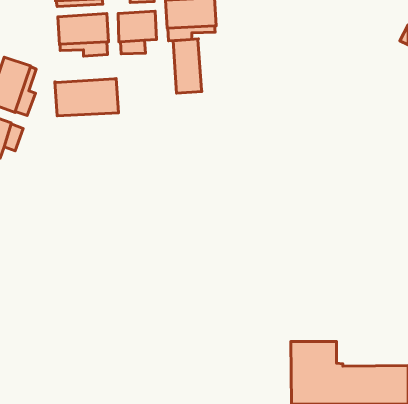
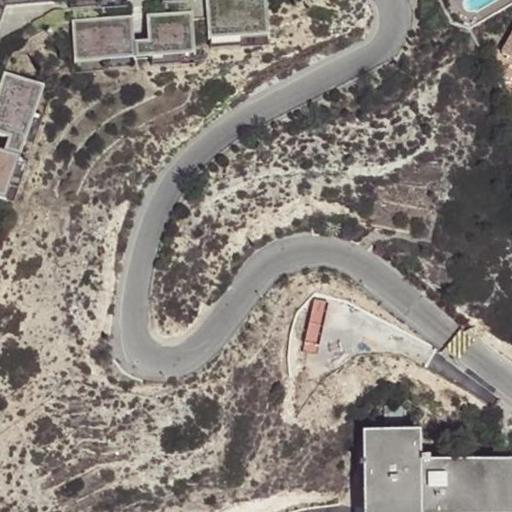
building: [173,39,202,93] -> none
building: [55,79,118,116] -> none

